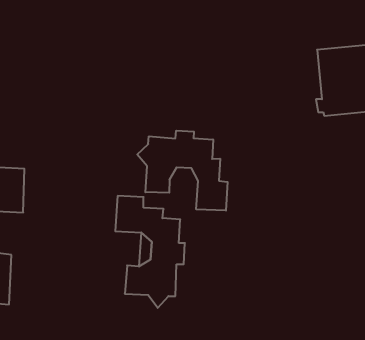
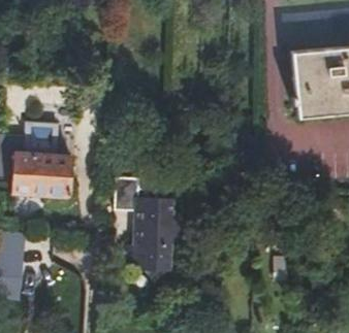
building: [137,131,228,211] -> none
building: none -> [35,130,73,199]

